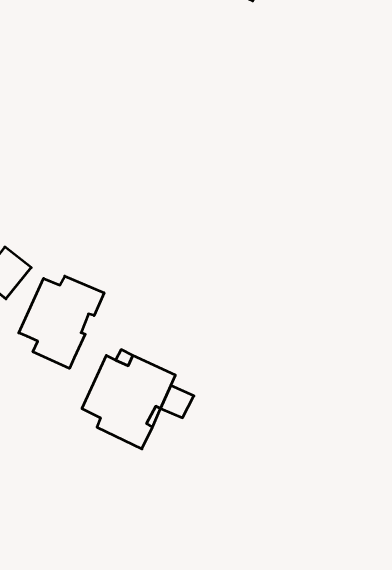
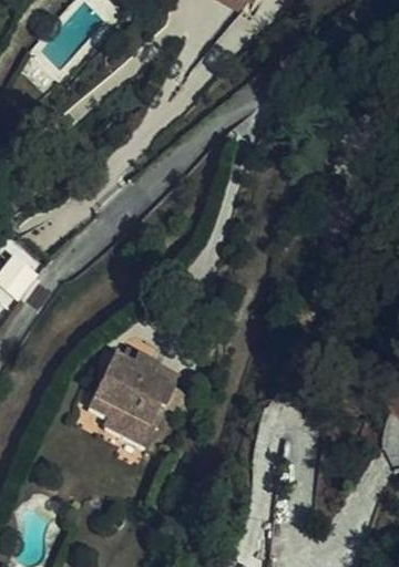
building: [19,276,104,368] -> none

